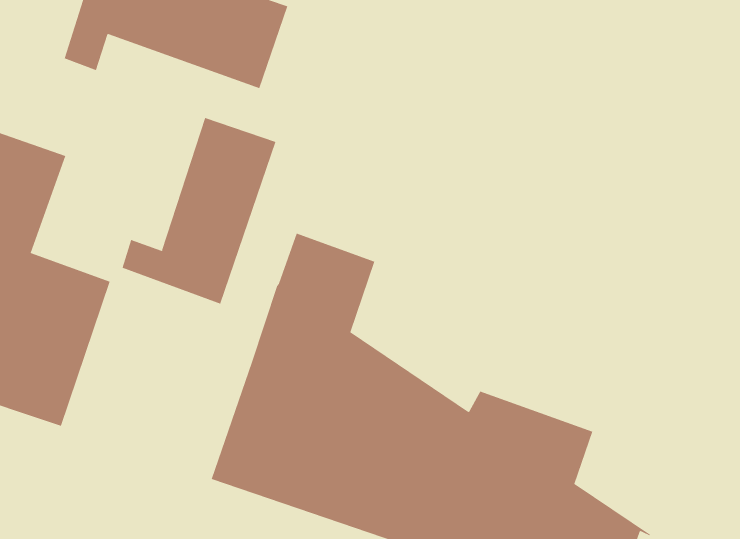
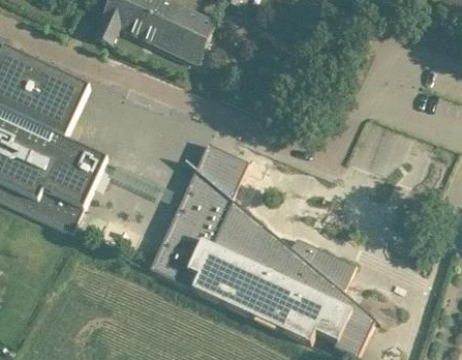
building: [122,117,276,305] -> none

